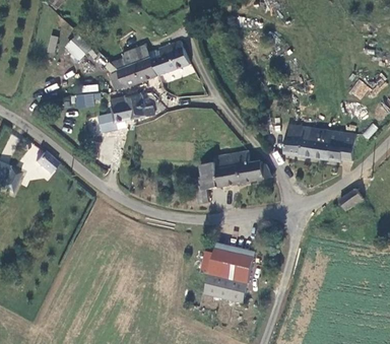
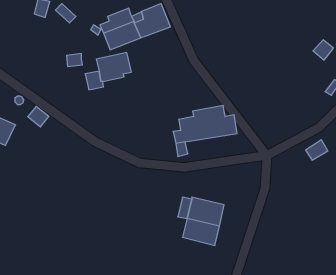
building: [284,122,358,161] -> none

